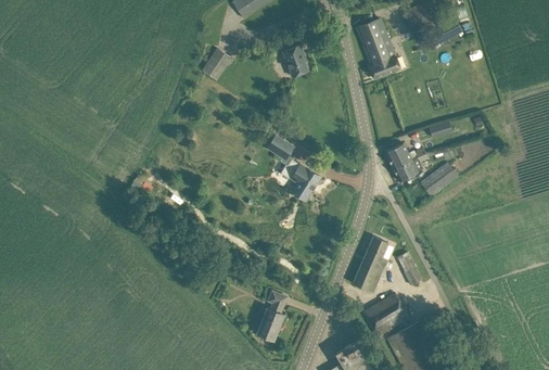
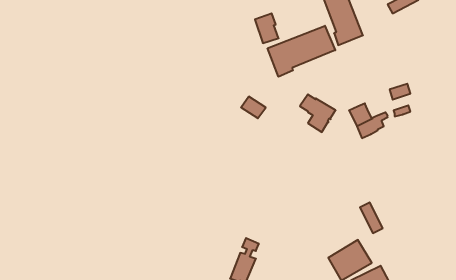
building: [202,49,230,79] -> none
building: none -> [268,26,335,77]
building: [281,160,320,201] -> [300,94,336,132]
building: [420,162,458,196] -> none
building: [353,237,386,292] -> none

